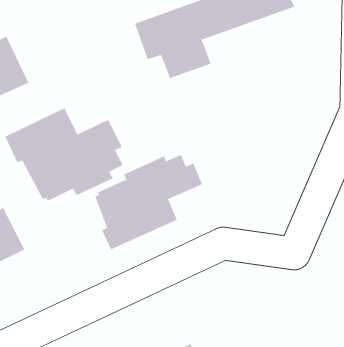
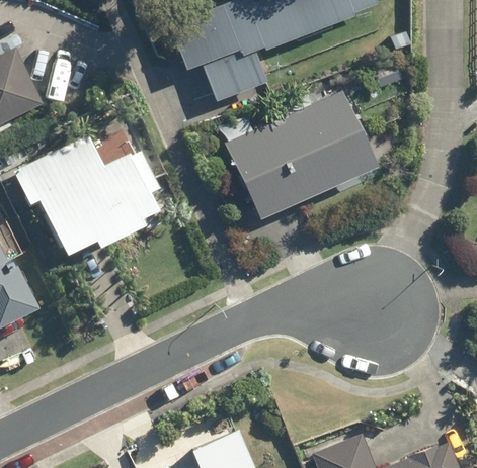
building: none -> [230,96,377,219]
building: [95,154,203,250] -> none

